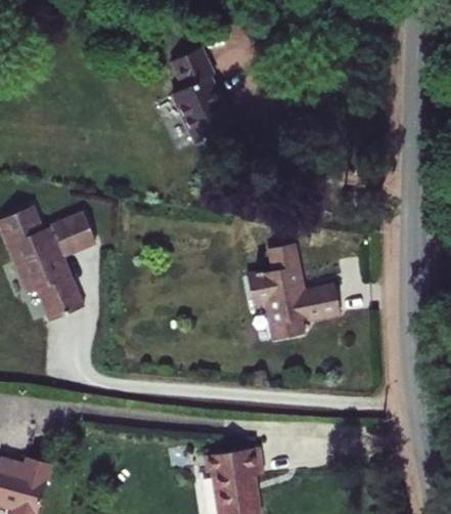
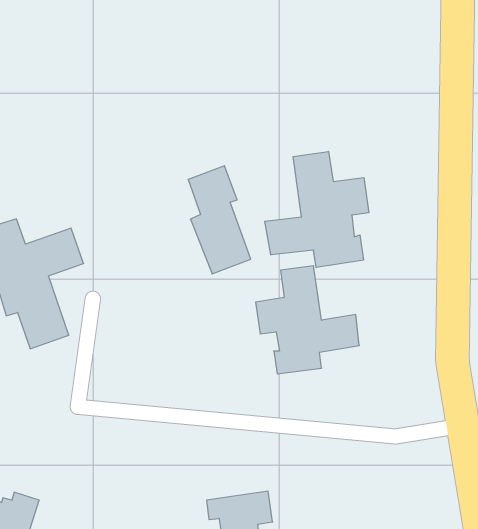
building: [171,41,227,138] -> [188,166,251,274]
building: none -> [265,151,369,268]

